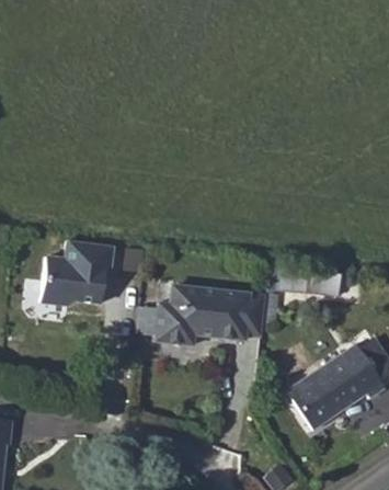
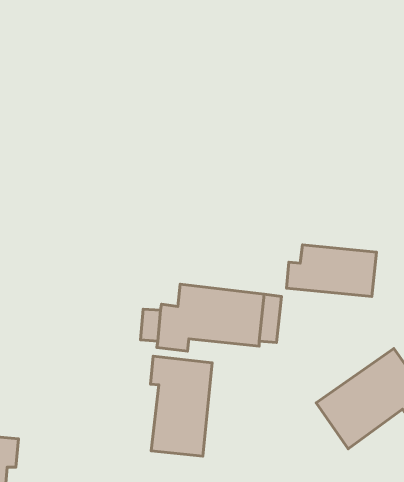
building: [39,239,111,304] -> none
building: none -> [151,356,212,456]

